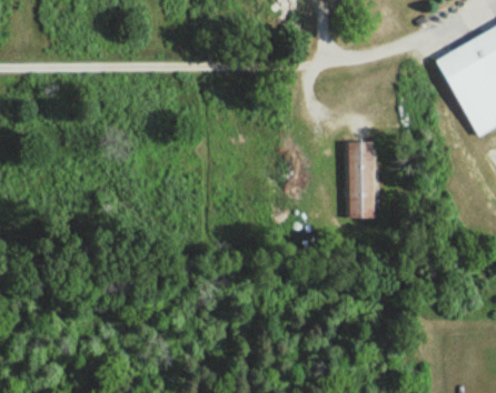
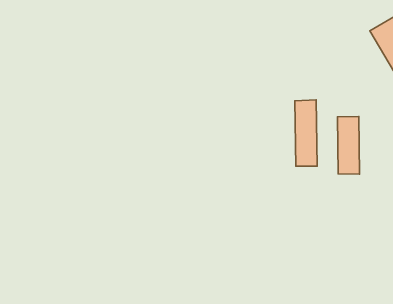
building: none -> [337,116,360,174]

